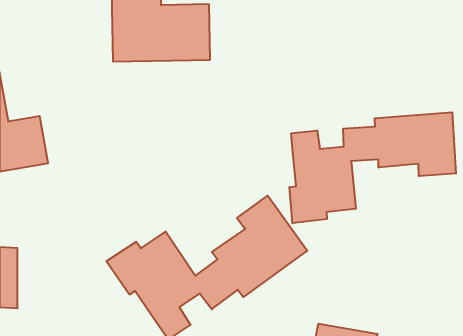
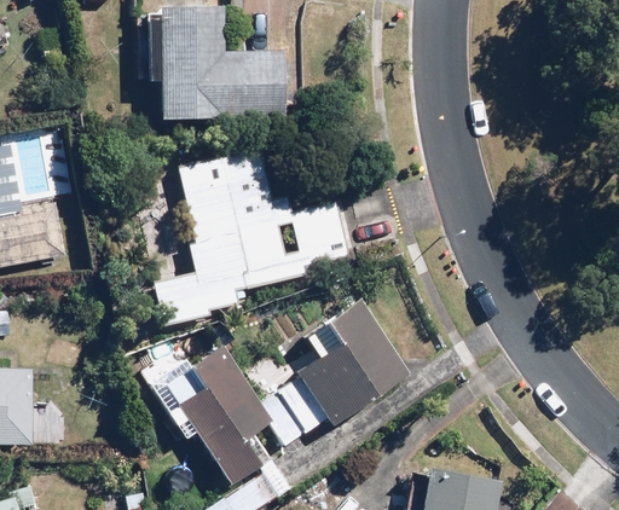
building: none -> [150,152,349,323]
building: [289,112,456,223] -> none

